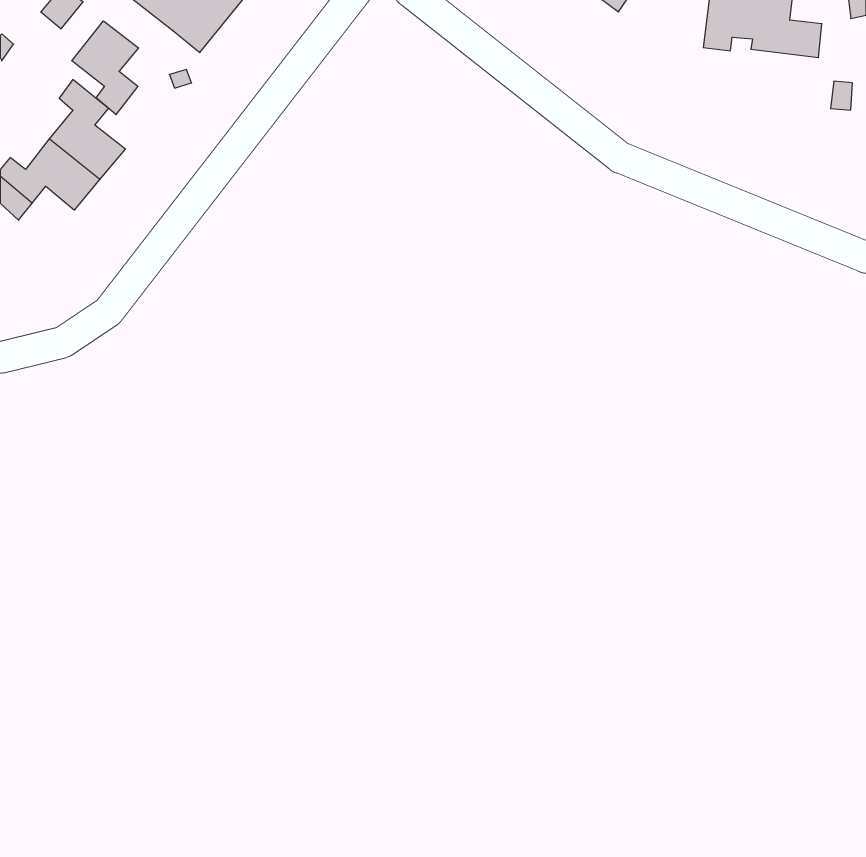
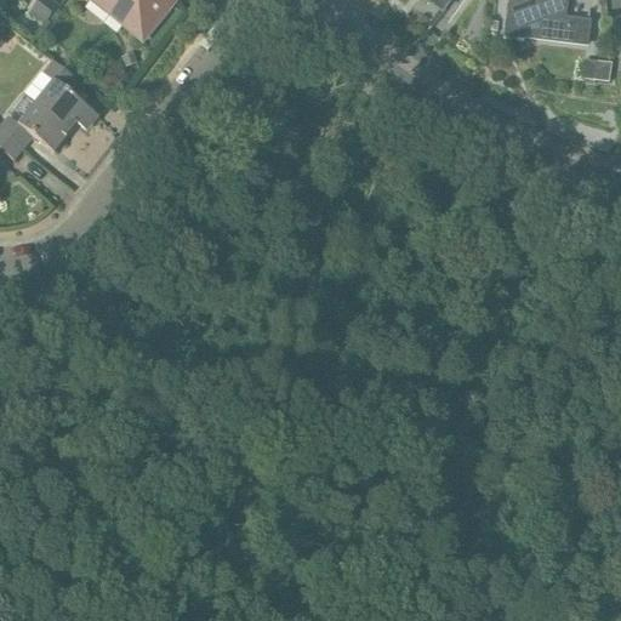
building: [72,21,139,115] -> none

